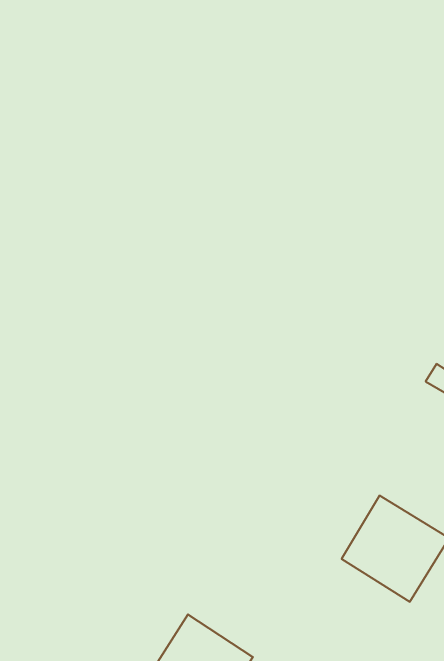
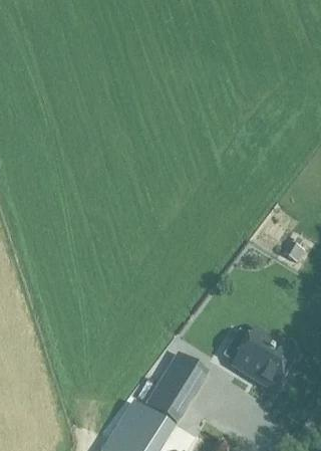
building: none -> [144,353,208,422]

